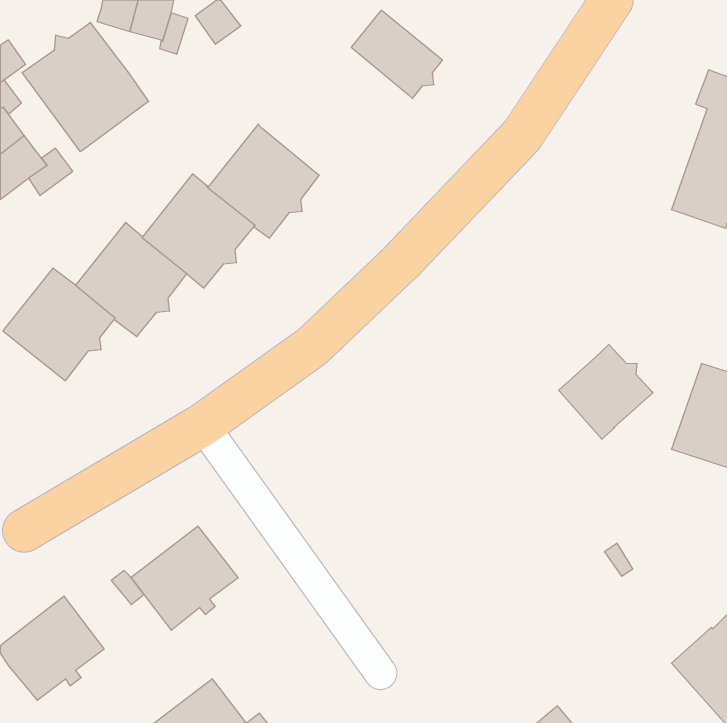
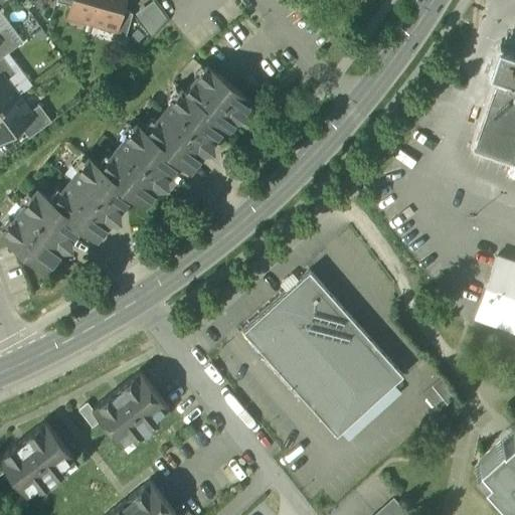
building: [351,10,442,99] -> [186,68,250,131]
building: [22,22,149,152] -> none
building: [559,345,653,439] -> none
building: none -> [244,275,403,437]

